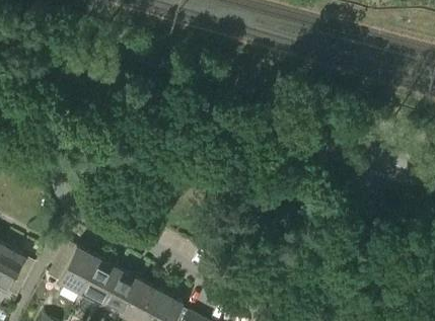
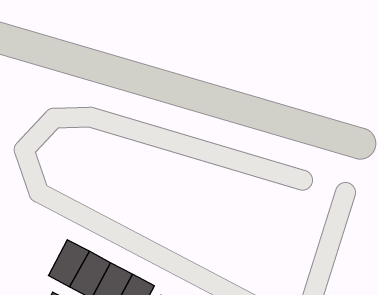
building: [52,245,99,295] -> none

